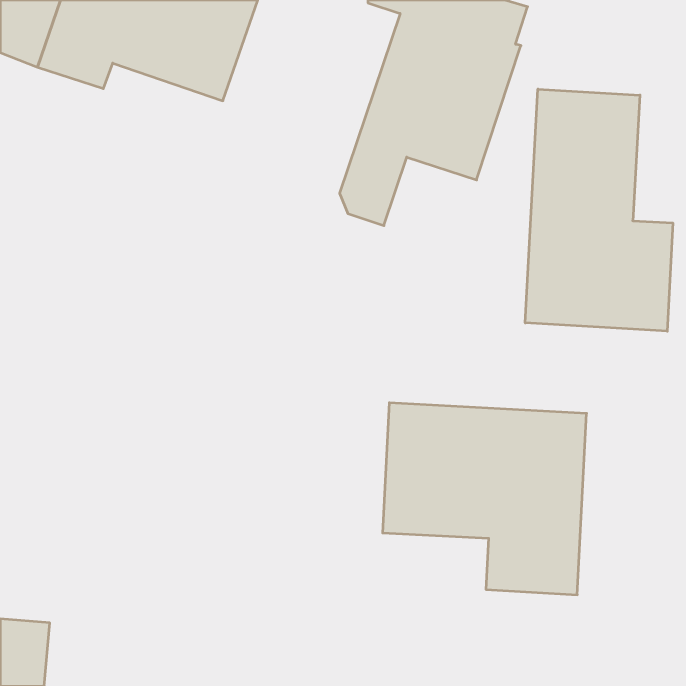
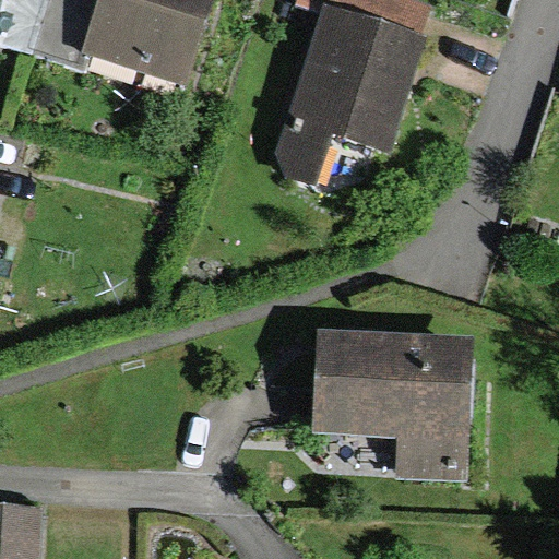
building: [525,89,673,331] -> none

